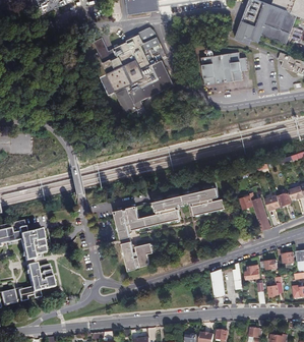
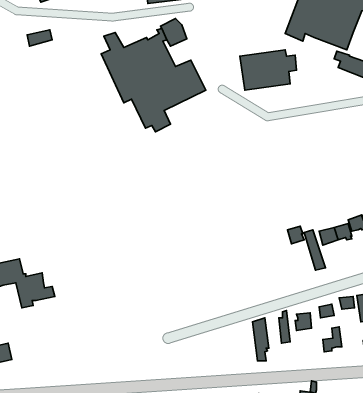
building: [115,182,226,238] -> none
building: [122,241,154,271] -> none
building: [18,263,54,300] -> none

